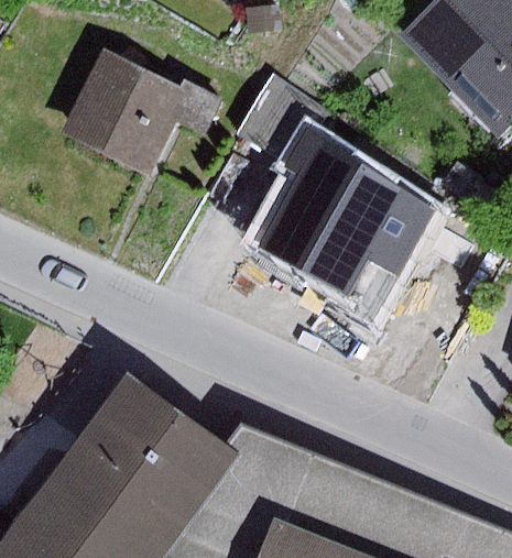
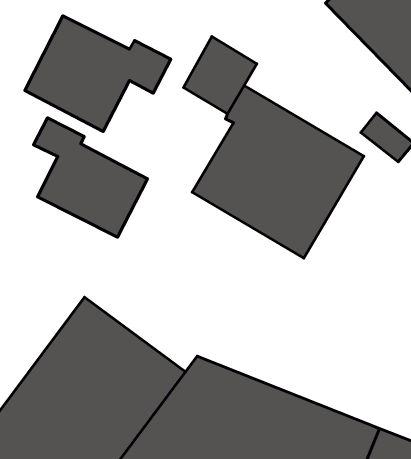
building: none -> [34,118,147,237]

